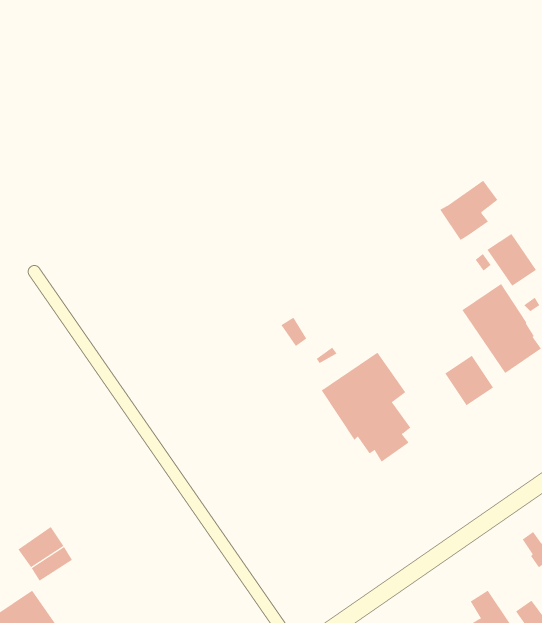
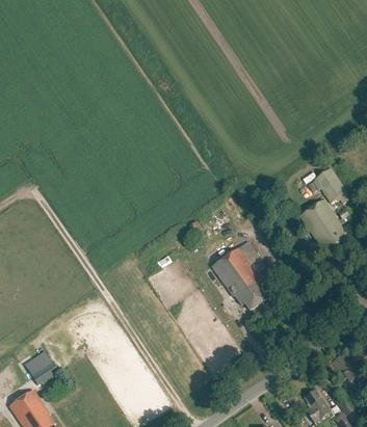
building: [440,180,498,241] -> none
building: [445,355,494,406] -> none

